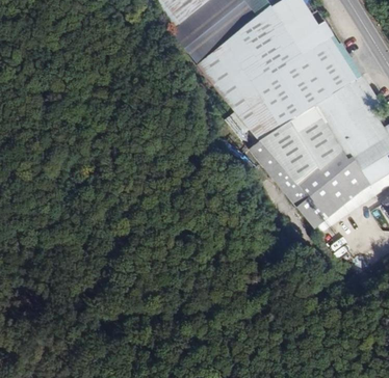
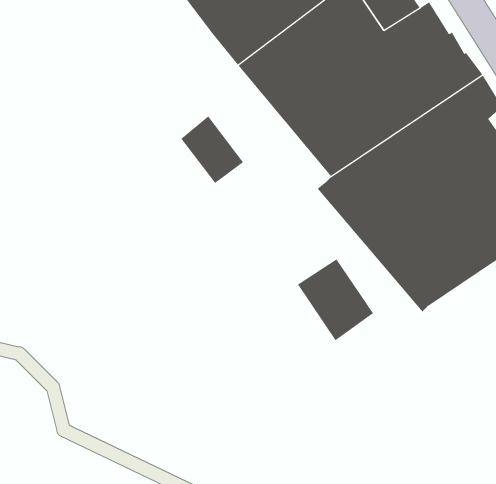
building: none -> [180,116,244,184]
building: none -> [297,258,374,341]

